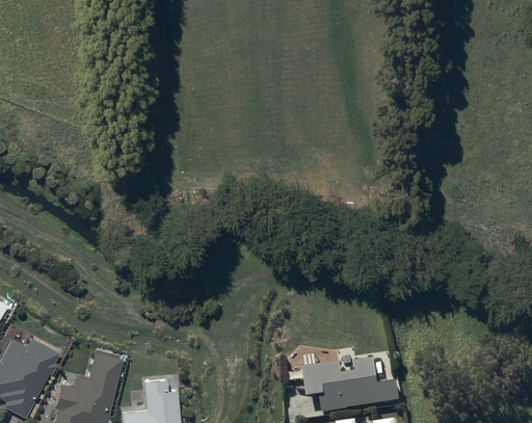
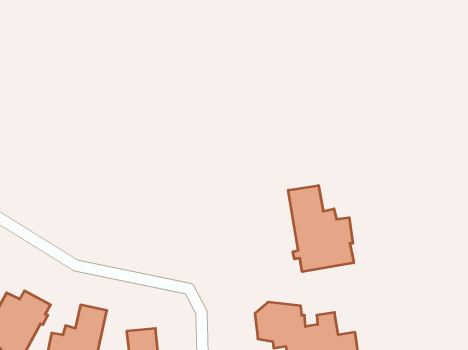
building: none -> [288,185,354,272]

